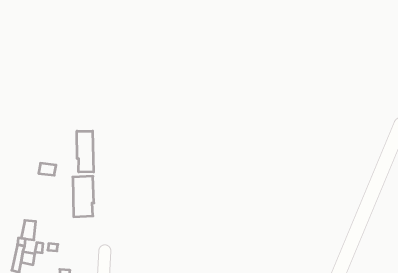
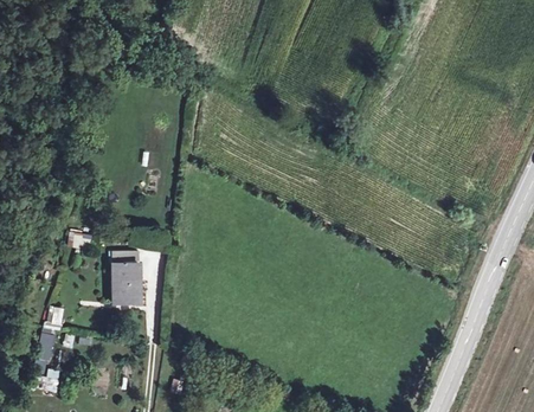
building: [77,131,94,172] -> none

